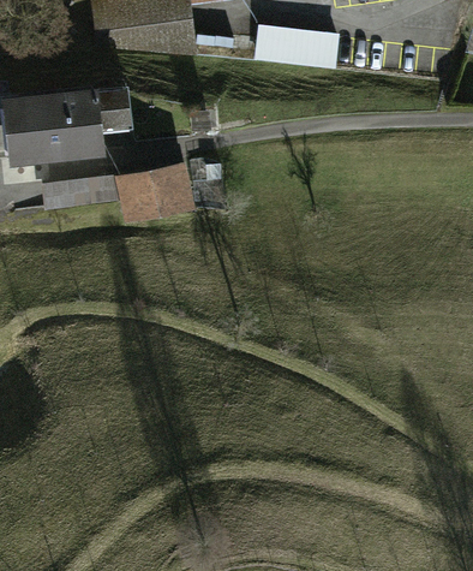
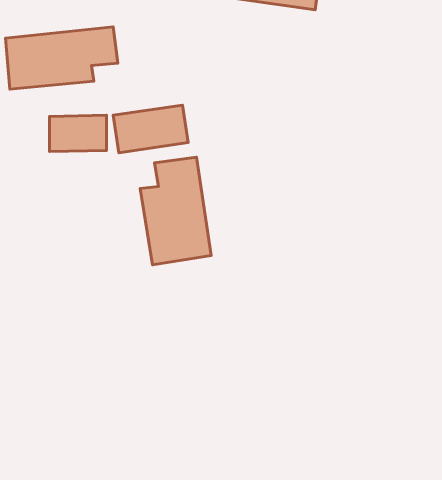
building: none -> [140,157,211,265]

